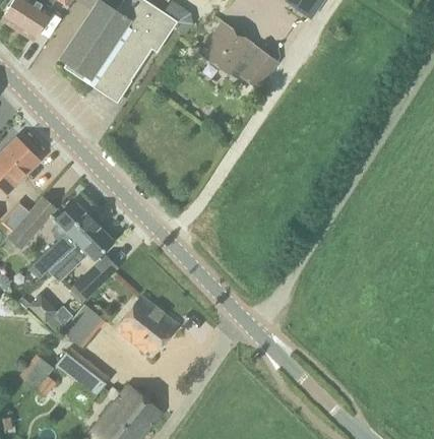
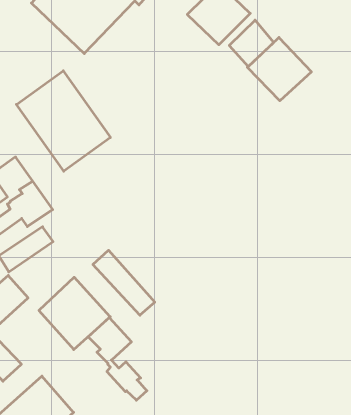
building: none -> [247,37,311,101]
building: none -> [16,71,110,171]
building: none -> [93,250,155,315]
building: none -> [88,318,147,400]

